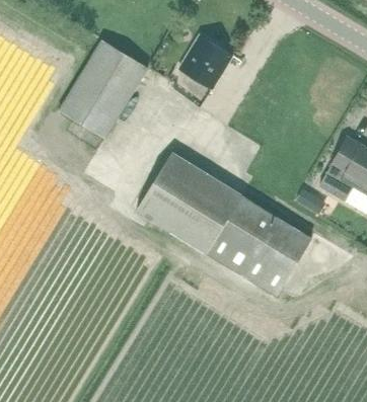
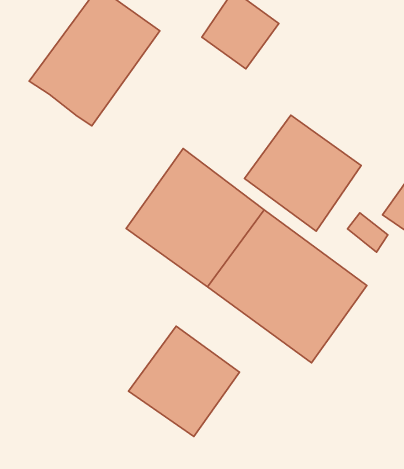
building: none -> [245,115,361,231]
building: none -> [128,326,240,436]

